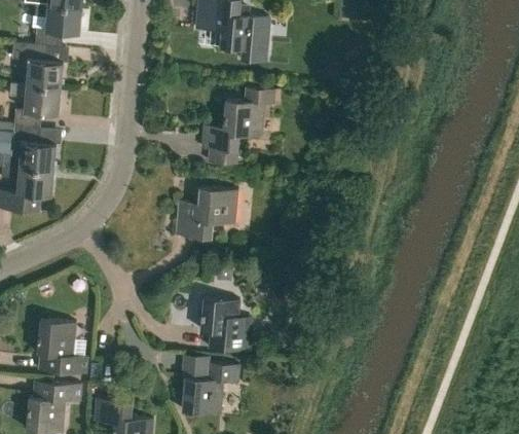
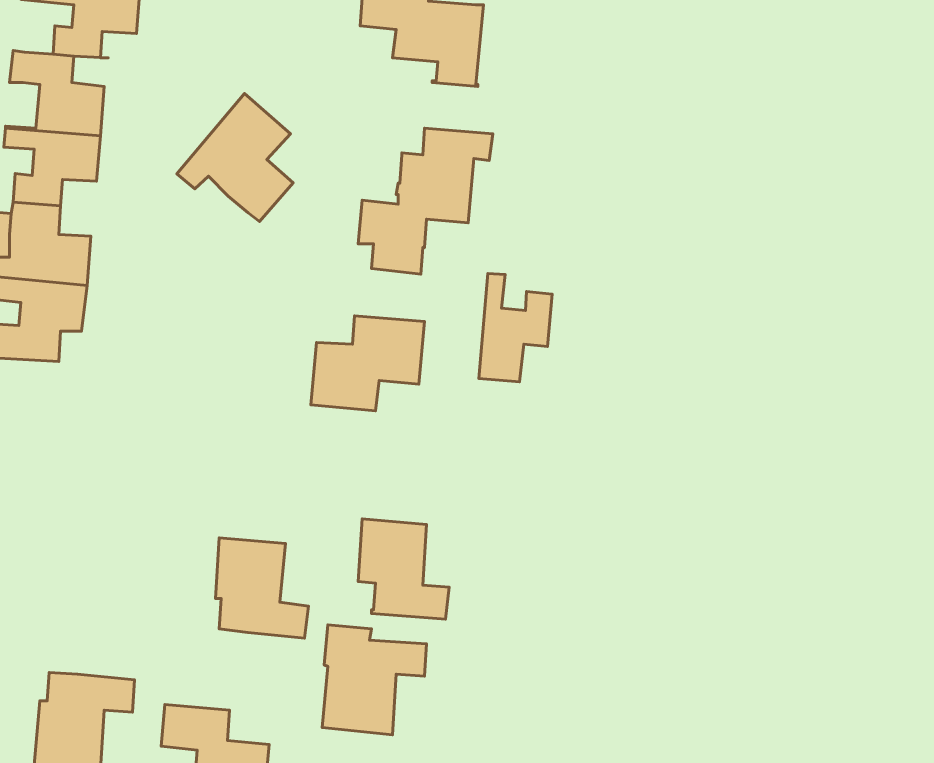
building: none -> [177,93,293,221]
building: none -> [479,274,552,382]
building: [37,321,87,375] -> [215,538,308,638]

